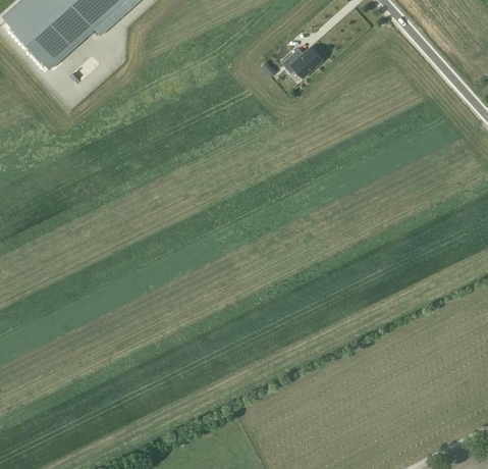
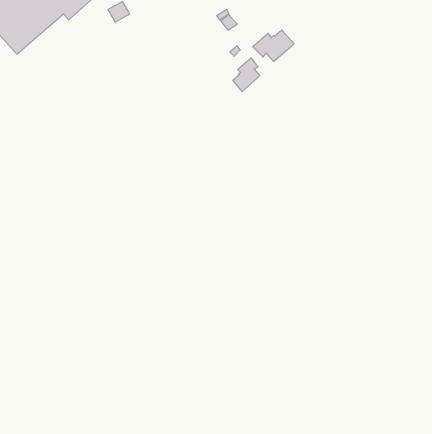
building: none -> [233,58,260,92]

